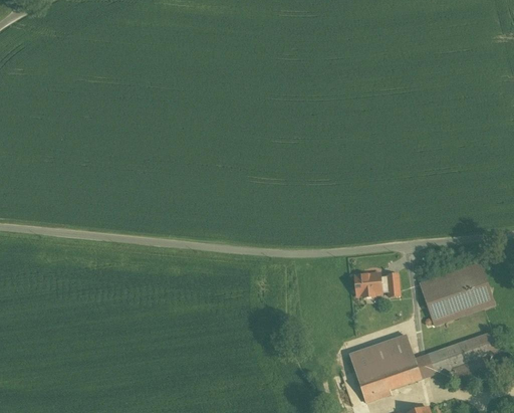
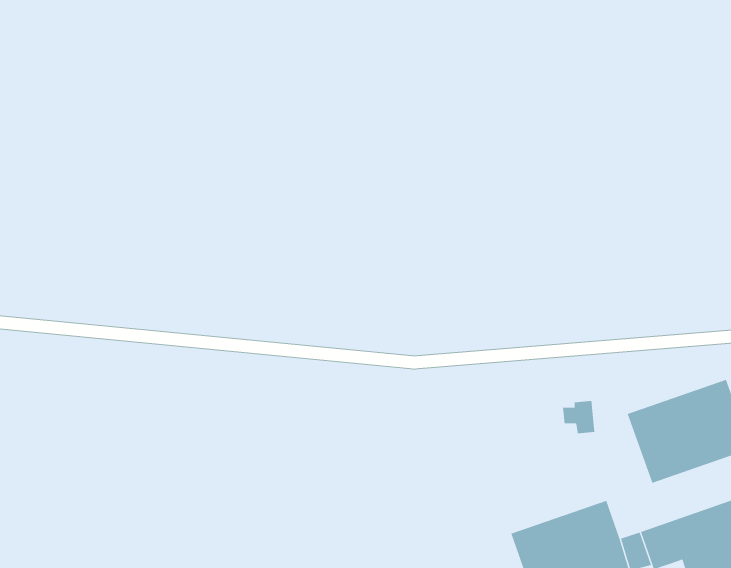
building: [355,273,380,296] -> none

